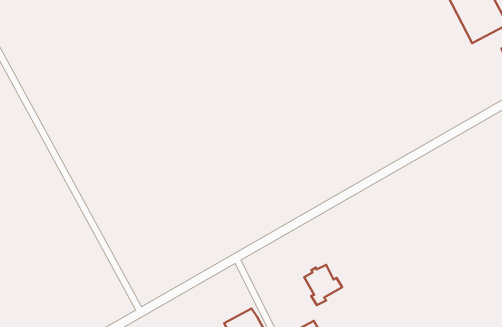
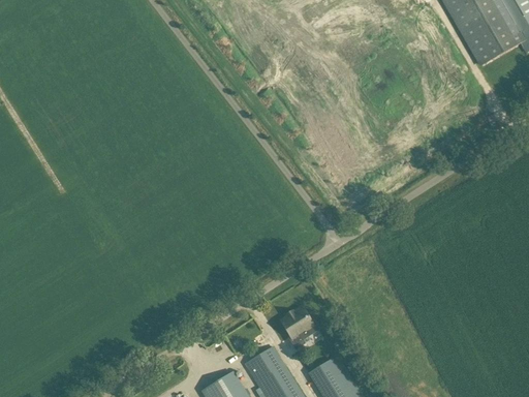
building: [304,265,342,305] -> [280,306,319,347]

